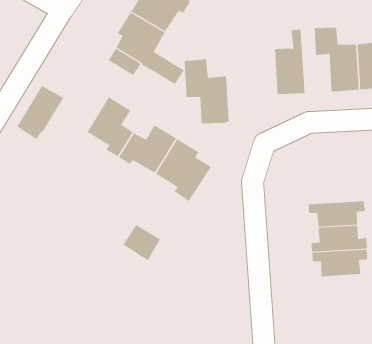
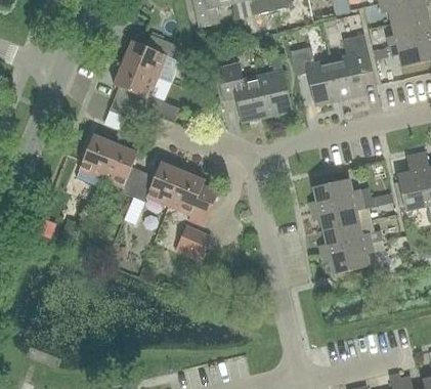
building: [184,59,230,124] -> [216,62,266,122]
building: [16,85,64,140] -> [76,134,115,184]
building: none -> [308,178,360,210]
building: [122,224,161,261] -> [176,225,210,257]

